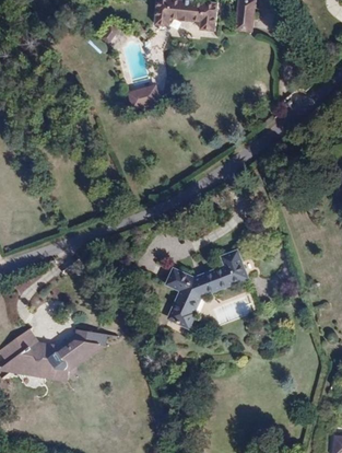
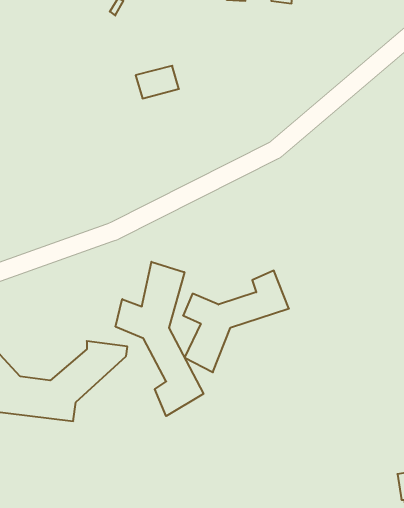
building: none -> [116,262,203,416]

